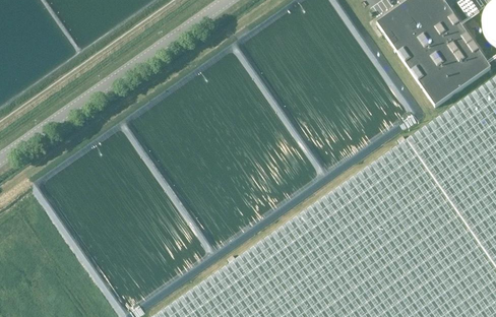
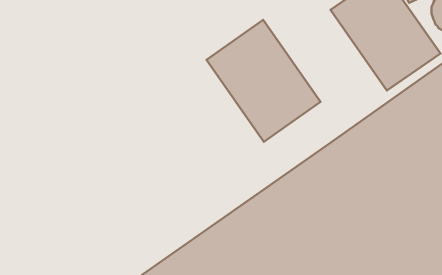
building: none -> [207,20,321,142]

